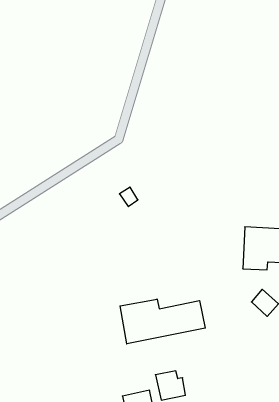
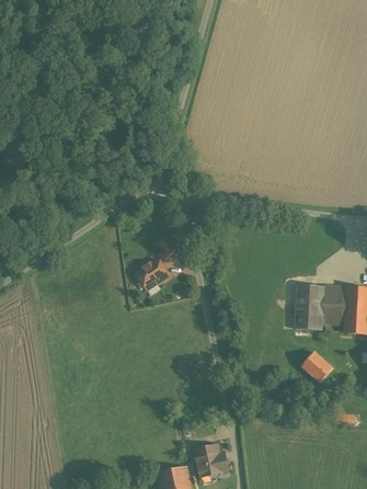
building: none -> [134,258,168,288]
building: [120,299,205,344] -> none

